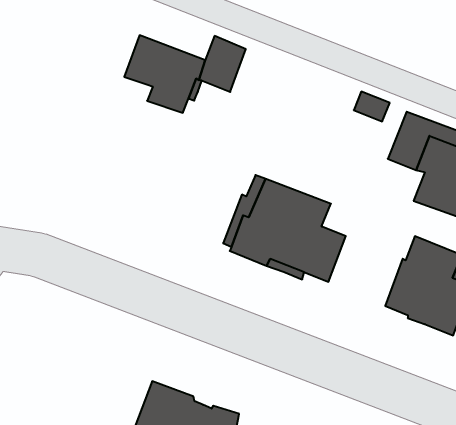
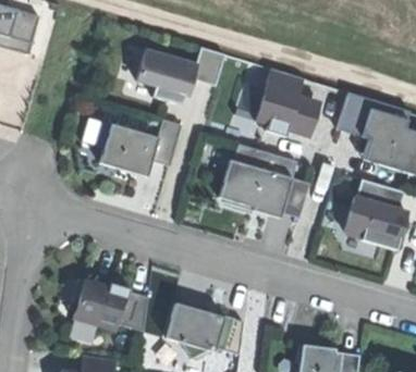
building: none -> [255,67,317,136]
building: none -> [96,117,183,175]
building: none -> [72,278,147,332]

